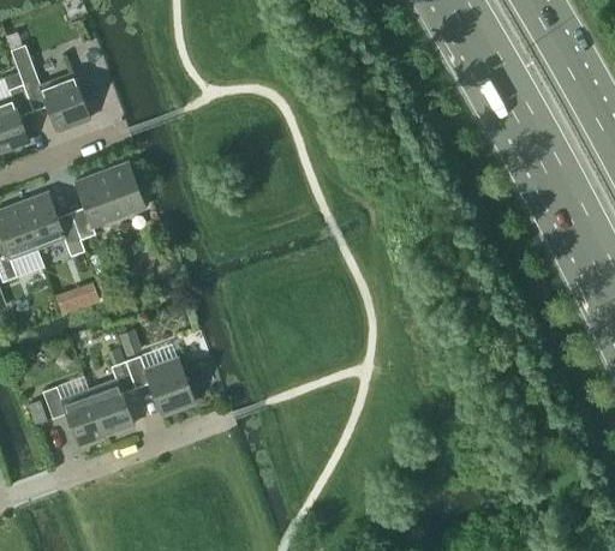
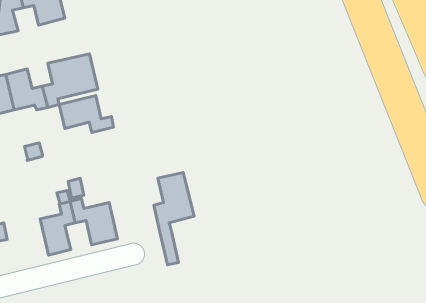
building: none -> [59,96,114,132]
building: none -> [154,172,194,265]
building: [41,387,105,447] -> none

